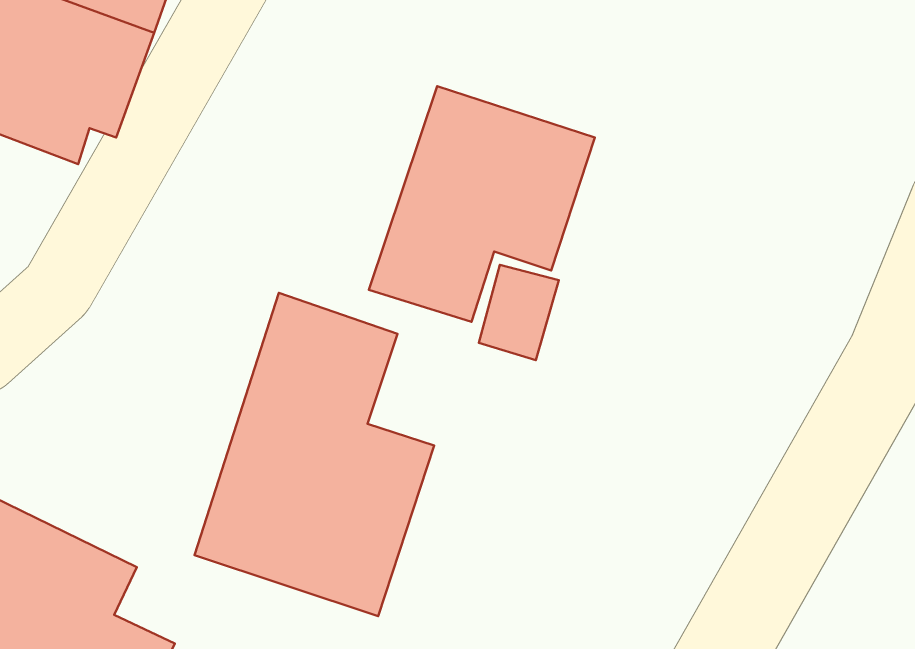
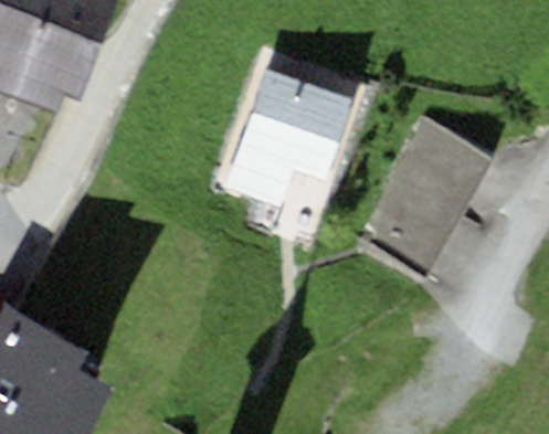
building: none -> [358,119,490,277]
building: [195,293,434,616] -> none

